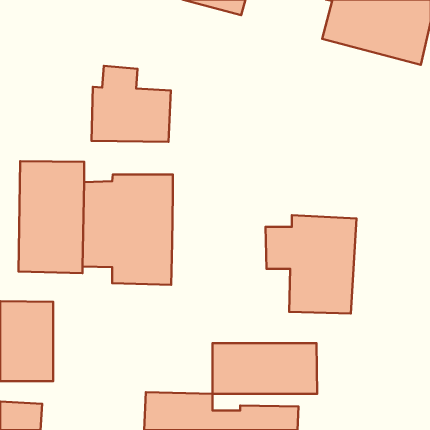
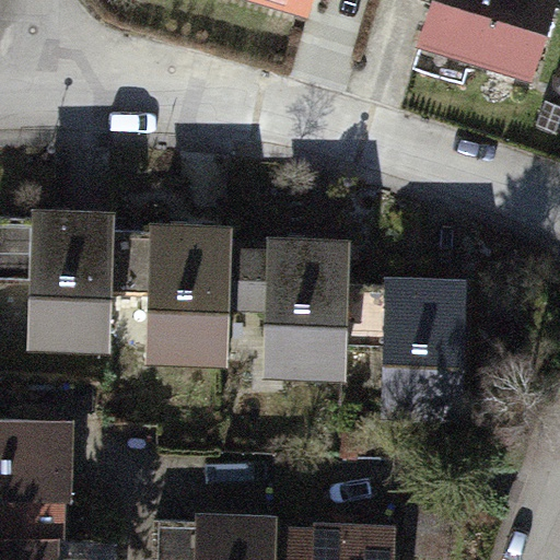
building: [92,66,171,142] -> none
building: none -> [224,243,347,382]
building: [212,343,317,394] -> none

